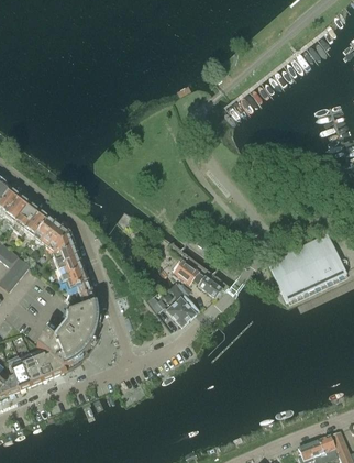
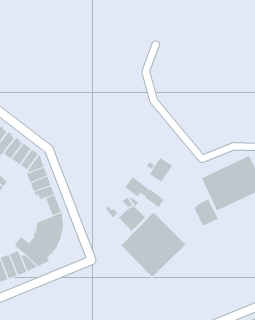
building: none -> [150,157,173,183]
building: none -> [194,199,219,227]
building: none -> [121,212,186,278]

